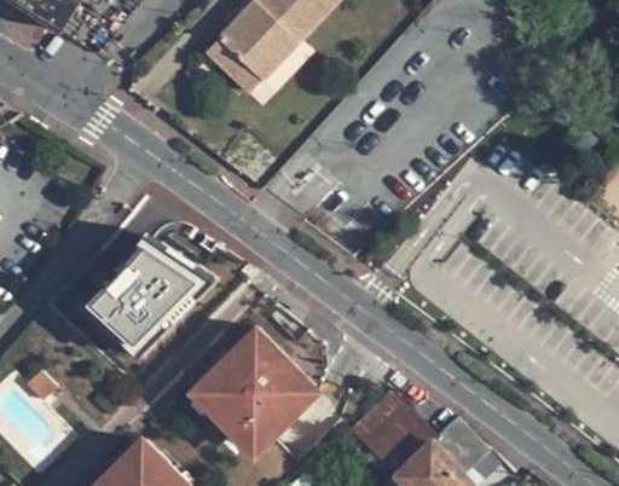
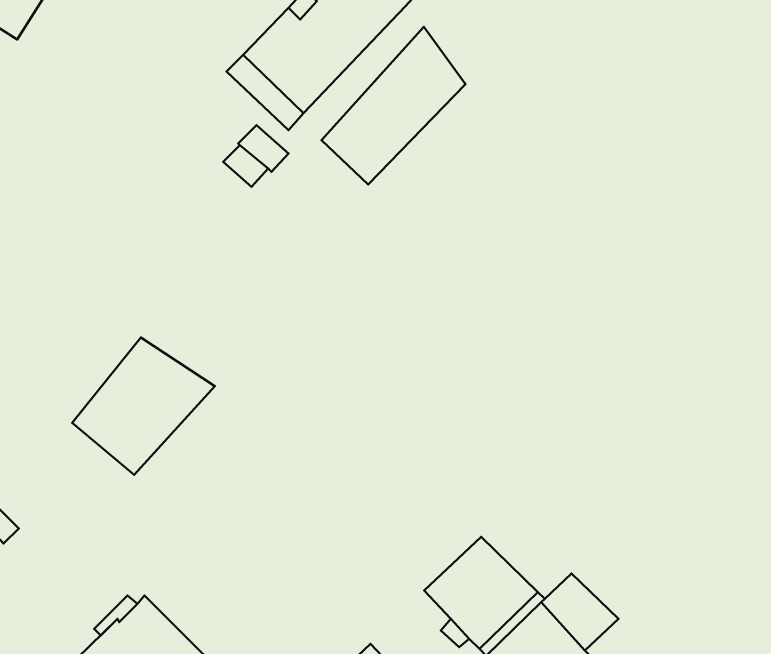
building: none -> [322,27,466,184]
building: [190,325,313,449] -> none

